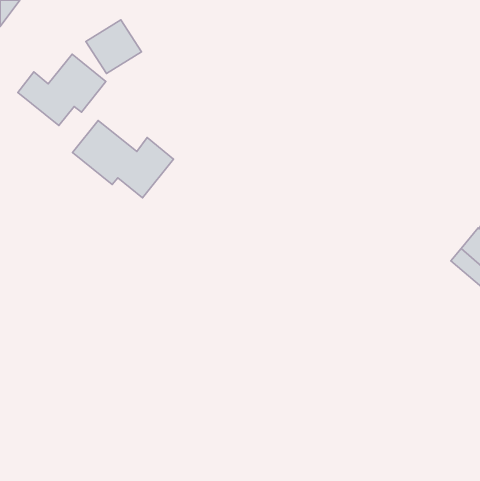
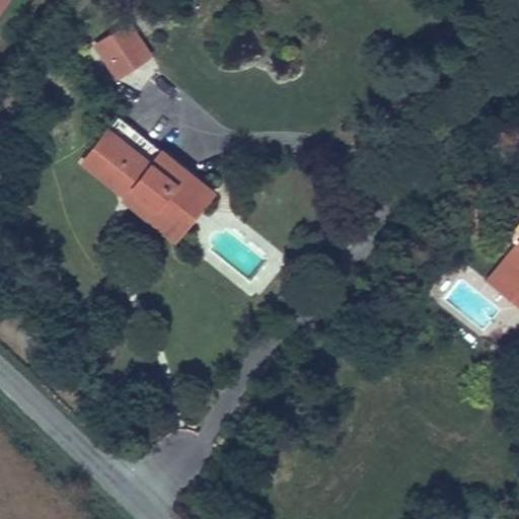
building: [18,54,106,126] -> none
building: none -> [121,171,215,243]

